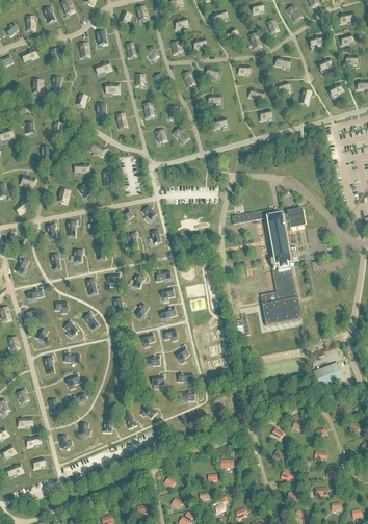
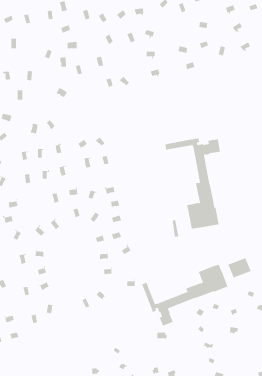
building: none -> [141,264,228,326]

